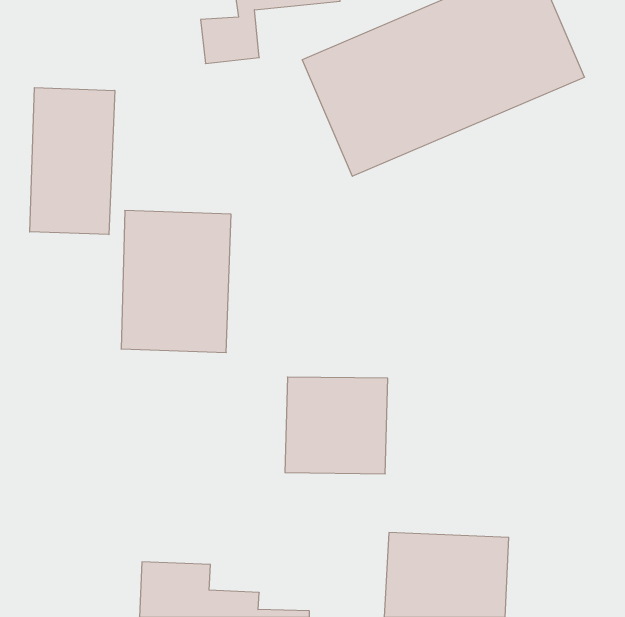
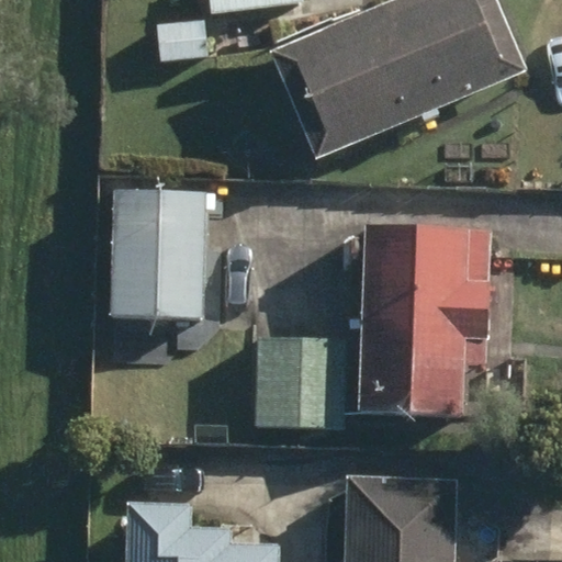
building: [30,88,115,235] -> none
building: none -> [357,228,491,415]

